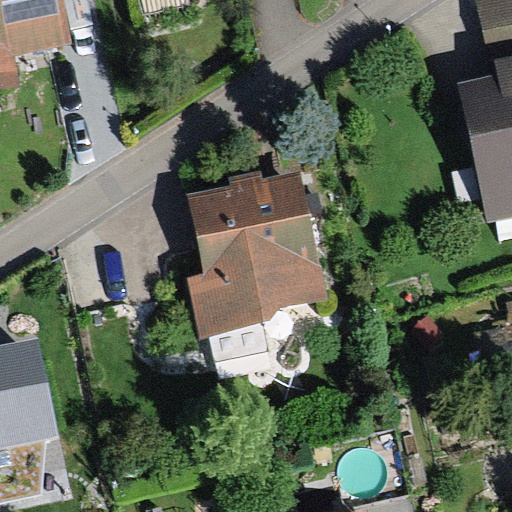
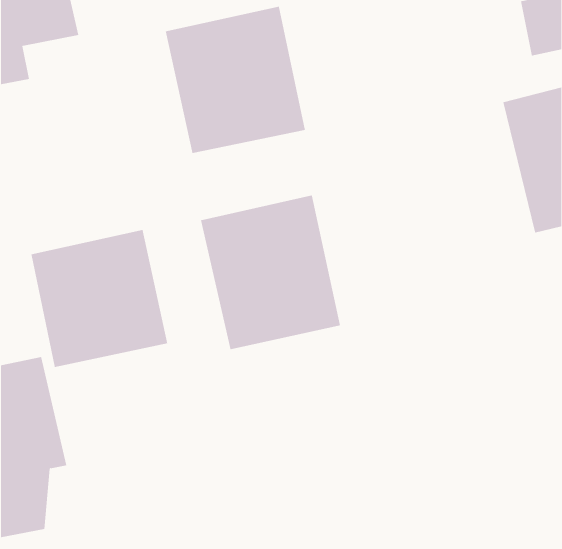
building: none -> [165,6,306,154]
building: none -> [31,229,168,368]

